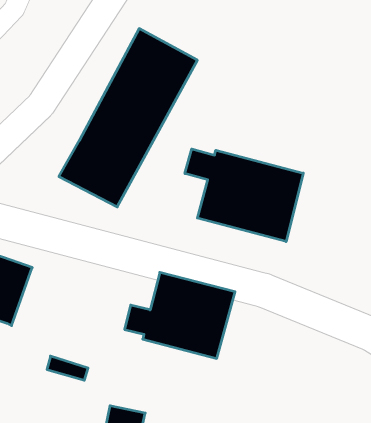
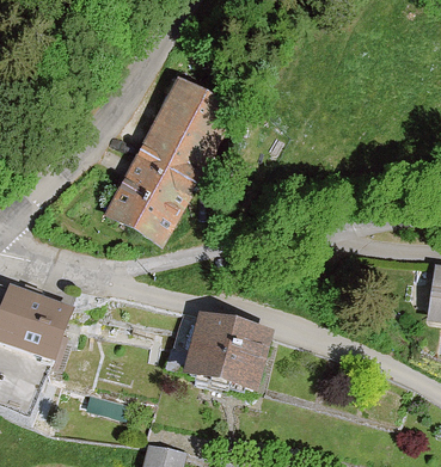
building: [185,149,303,242] -> none

